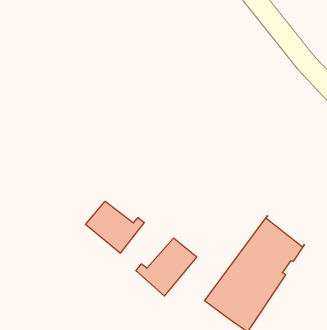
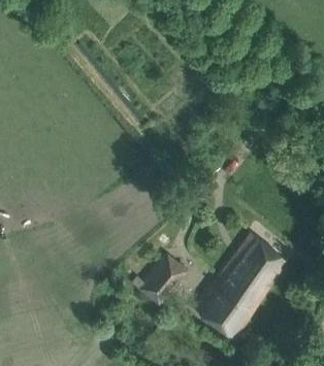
building: [86,201,144,253] -> none

